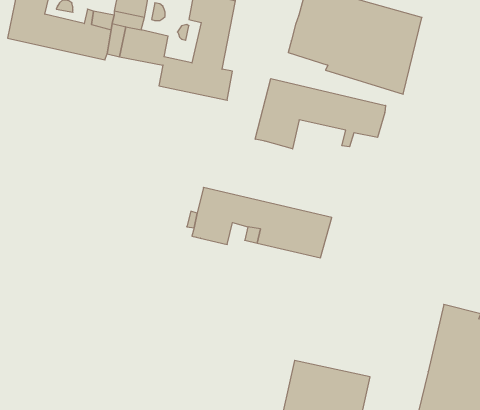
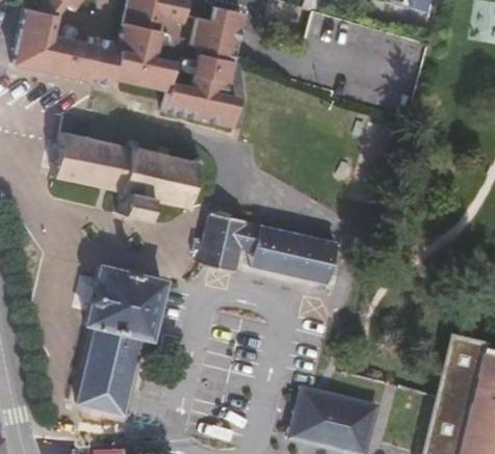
building: [255,79,386,149] -> none
building: none -> [53,132,214,218]
building: none -> [78,267,163,412]

